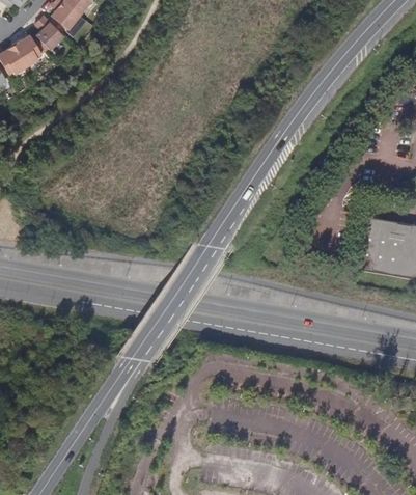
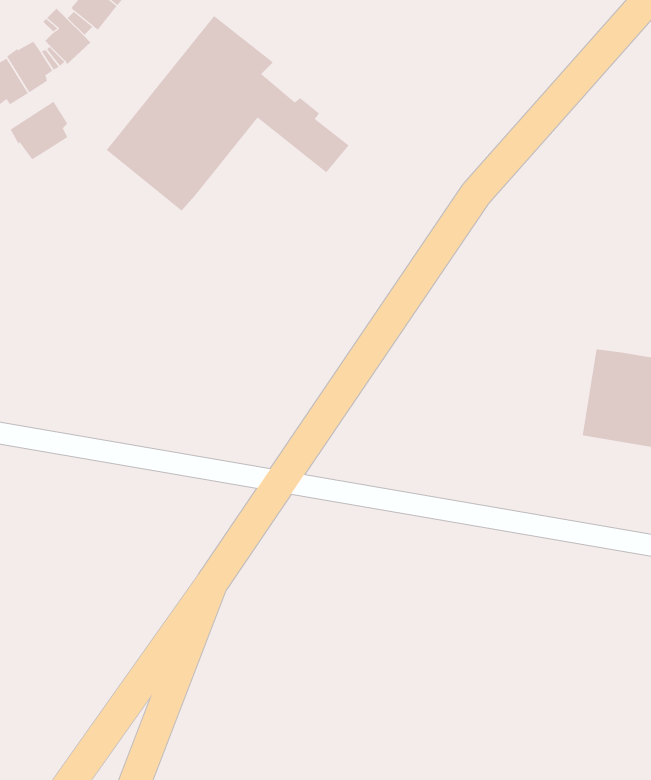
building: none -> [106,15,349,212]
building: none -> [10,101,68,160]

